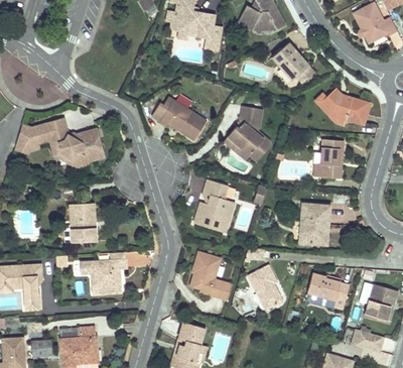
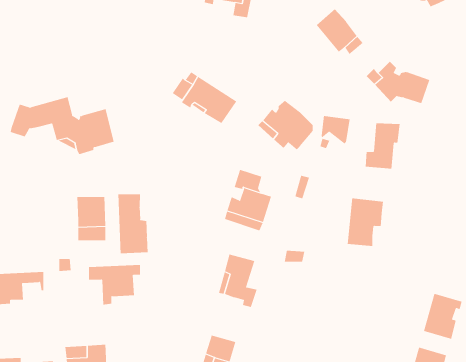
building: [239,107,264,131] -> [321,116,350,144]
building: none -> [118,193,148,254]
building: [248,265,282,310] -> none
building: [305,273,349,310] -> none
building: [24,275,40,311] -> none

